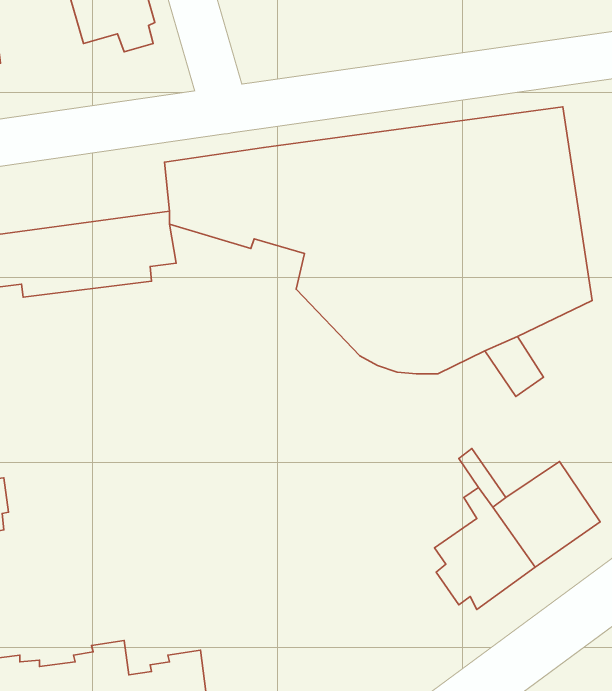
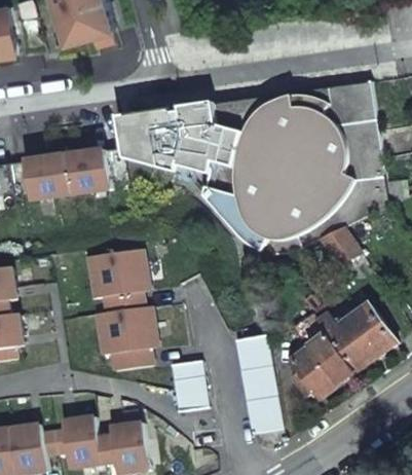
building: none -> [86,250,153,371]
building: none -> [235,333,282,432]
building: none -> [168,360,208,411]

